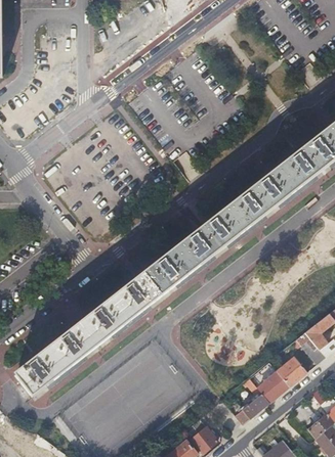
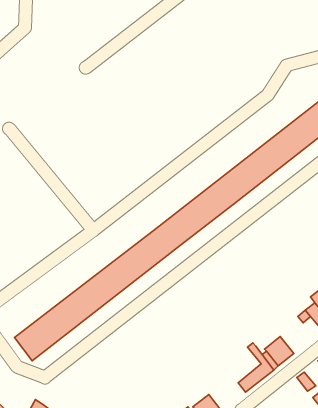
building: [275,356,306,386] -> none

